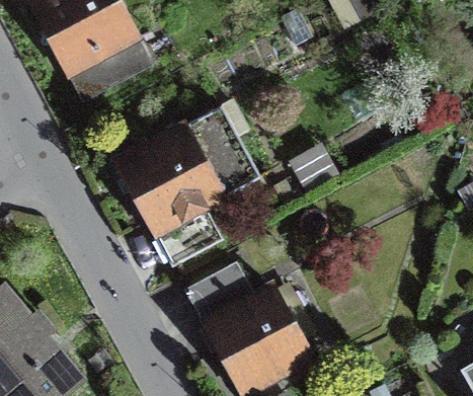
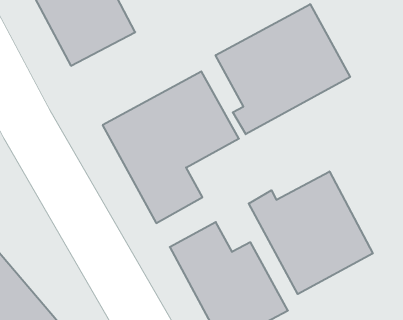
building: none -> [216,4,350,134]
building: none -> [249,171,373,294]

